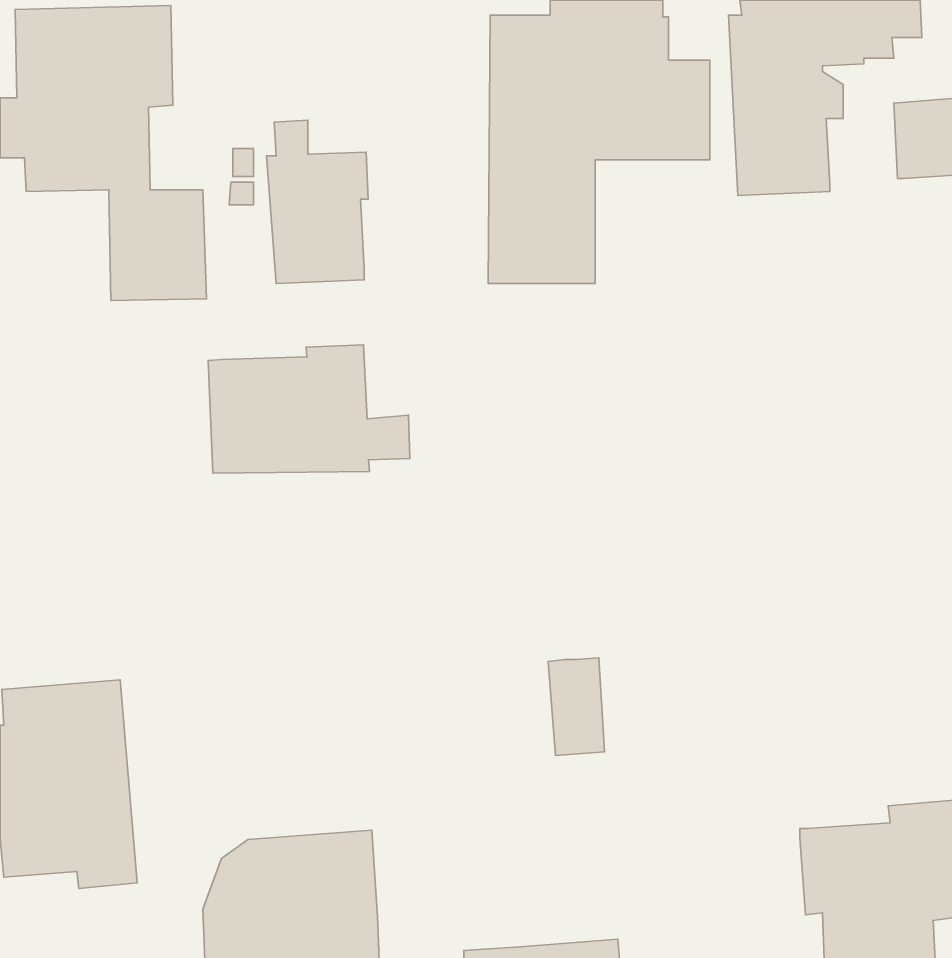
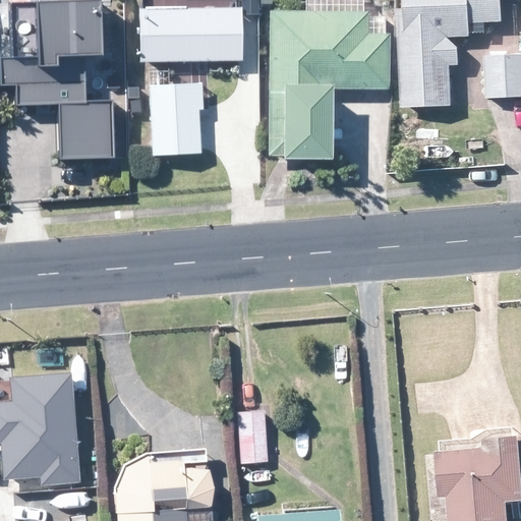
building: none -> [138,7,243,62]
building: [208,345,410,473] -> none
building: [548,658,604,755] -> [238,410,269,463]

